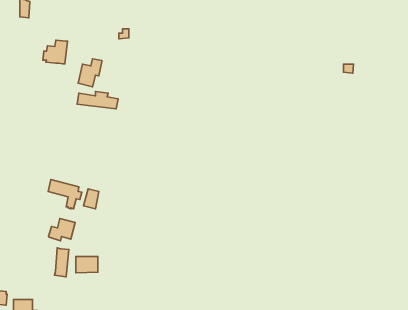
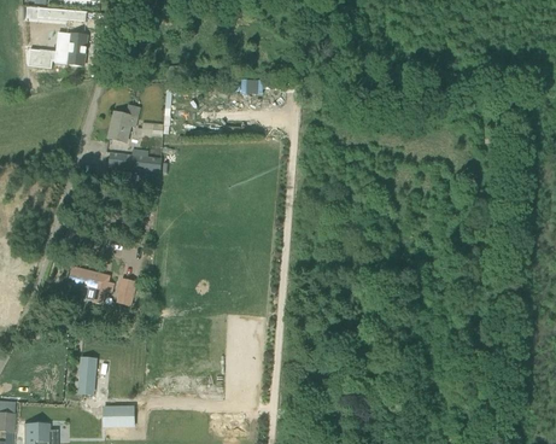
building: [43,40,68,64] -> [54,34,87,65]
building: [49,218,75,241] -> none
building: [76,257,98,273] -> [104,405,133,427]

